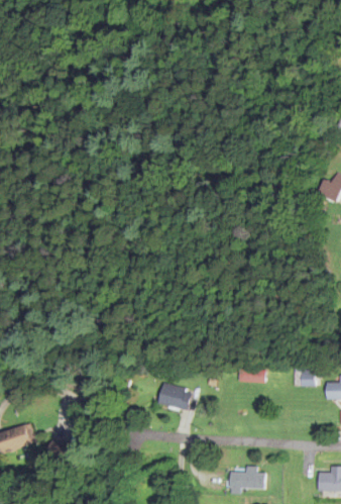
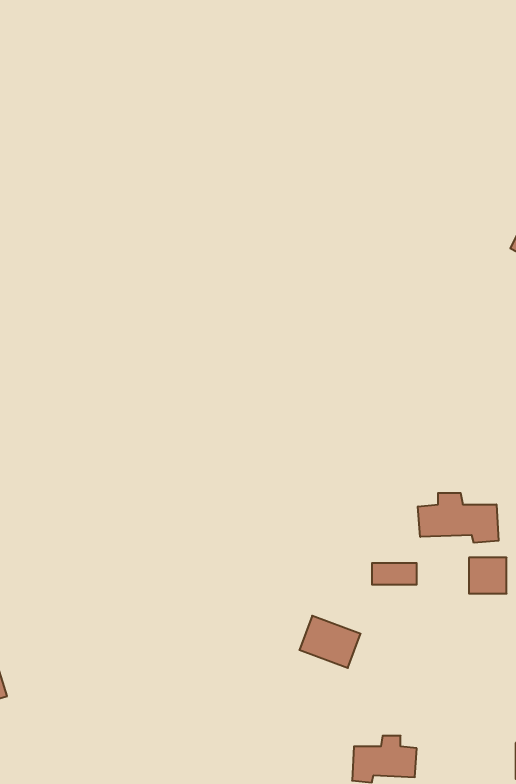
building: none -> [418,493,499,543]
building: [156,382,191,411] -> [299,616,361,668]

